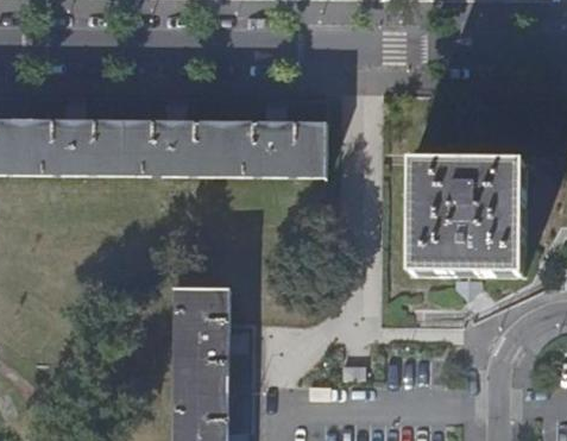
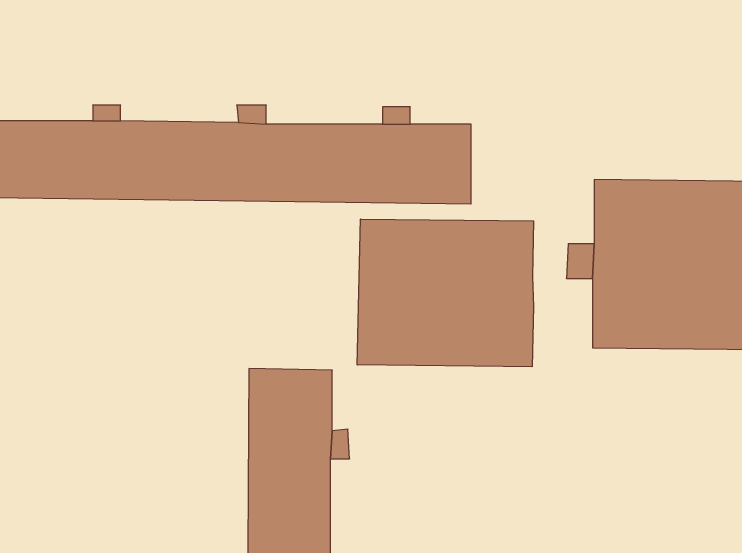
building: none -> [357,219,534,367]

